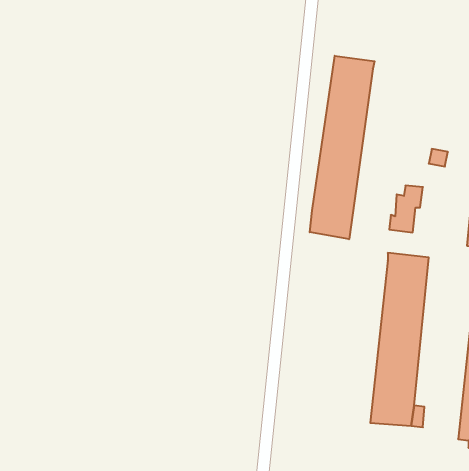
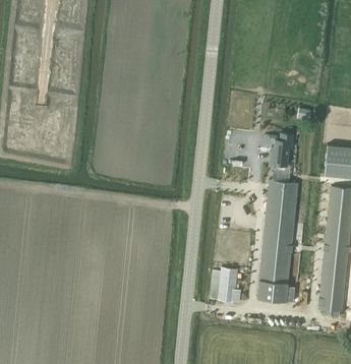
building: [310,56,375,239] -> none
building: none -> [210,267,241,302]

